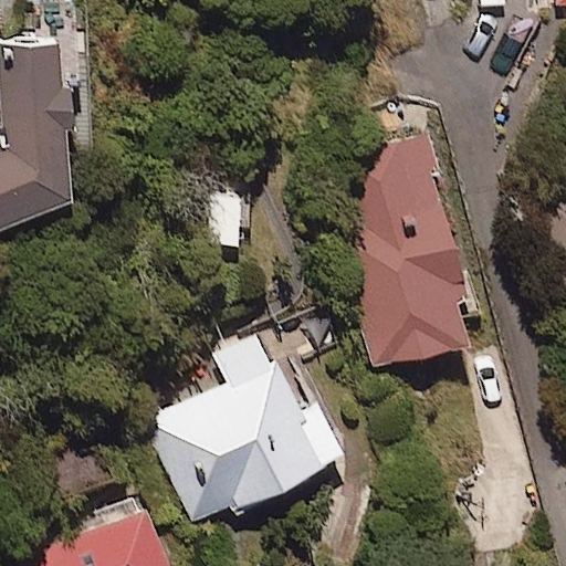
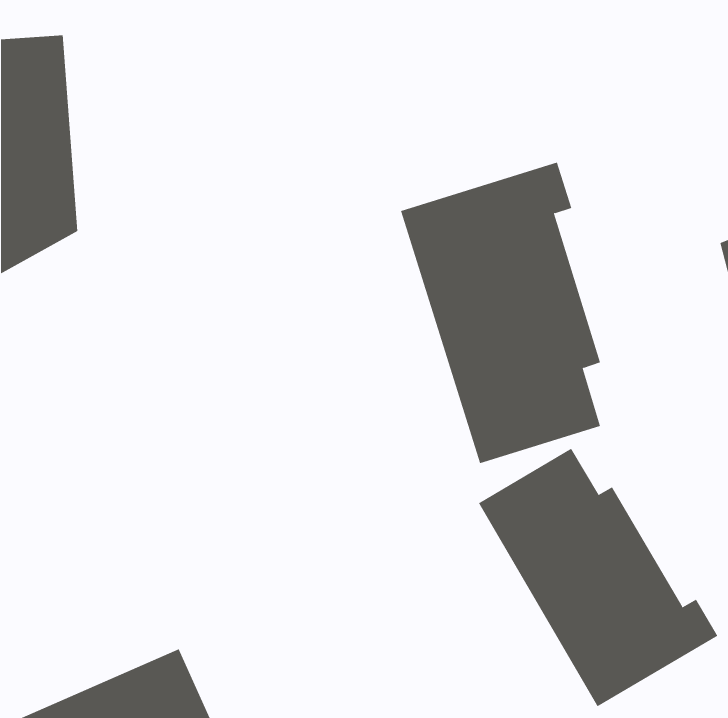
building: [150,344,344,531] -> none
building: none -> [478,448,718,707]

